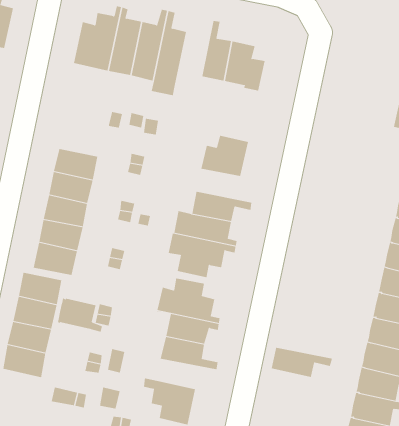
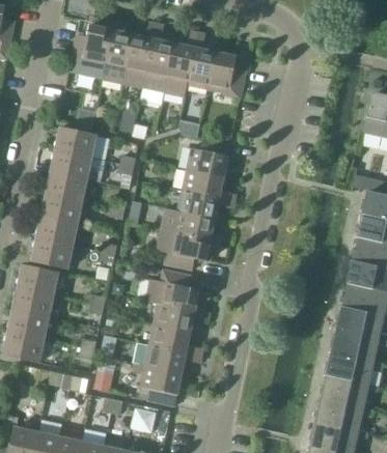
building: none -> [163,30,197,96]
building: none -> [55,126,96,158]
building: none -> [182,169,236,200]
building: [57,297,103,333] -> none
building: [271,347,333,378] -> [144,344,201,372]

